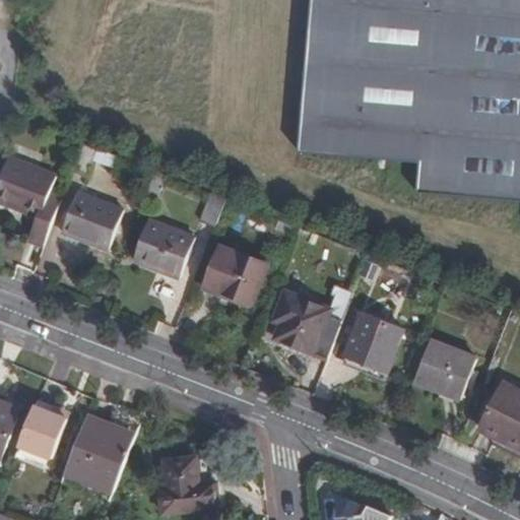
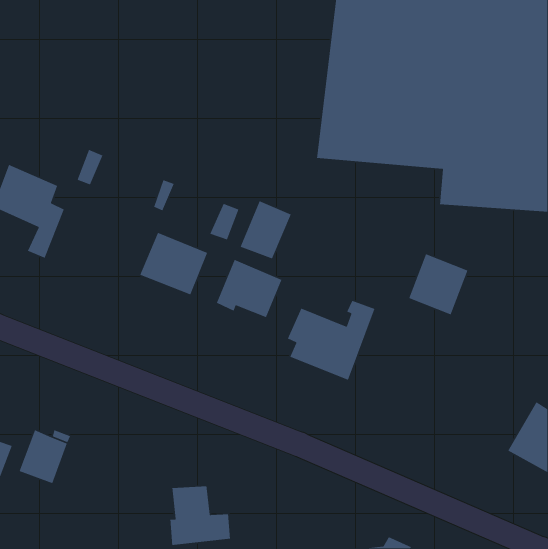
building: none -> [239,200,292,260]
building: [61,190,122,249] -> none
building: [344,310,401,369] -> [408,253,469,316]
building: [411,339,473,397] -> none
building: [61,421,132,498] -> none

